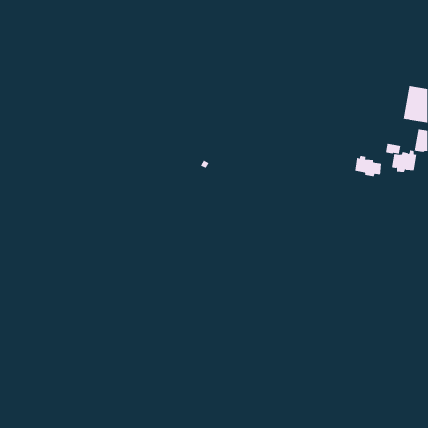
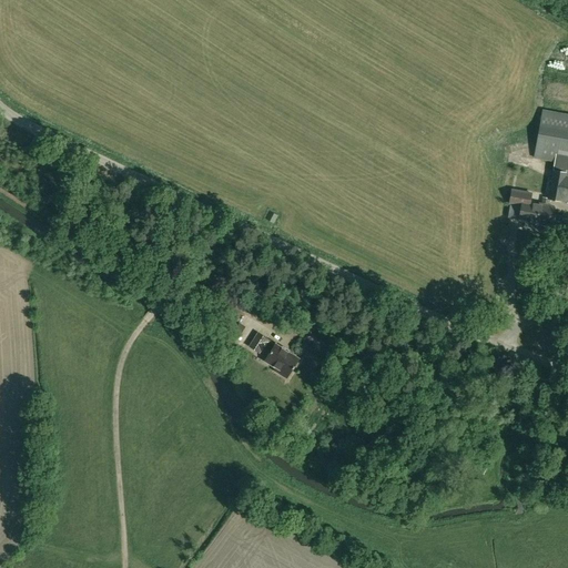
building: [355,155,382,177] -> none
building: none -> [248,333,300,379]

